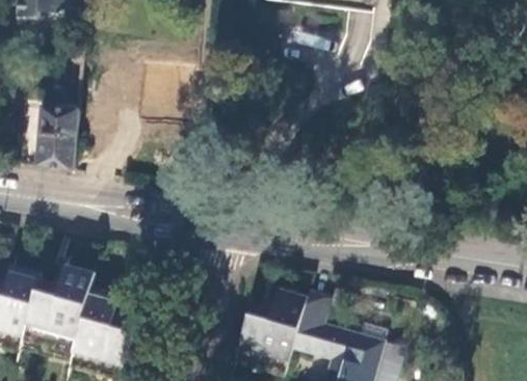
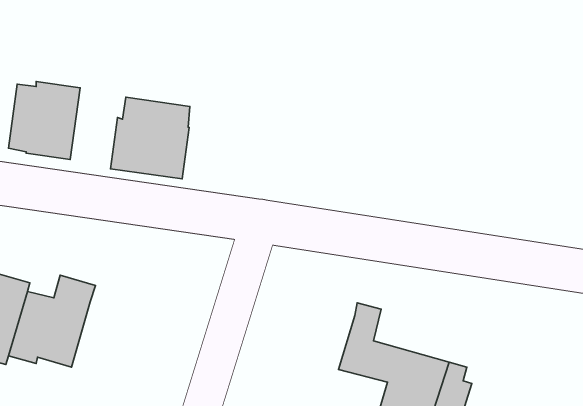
building: none -> [111,97,190,179]
building: [69,288,133,369] -> none
building: [237,291,306,366] -> none

